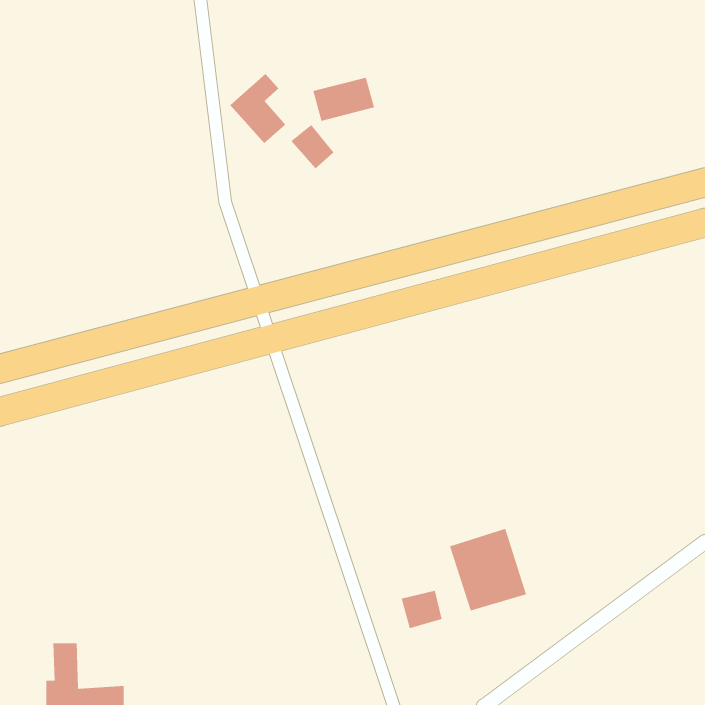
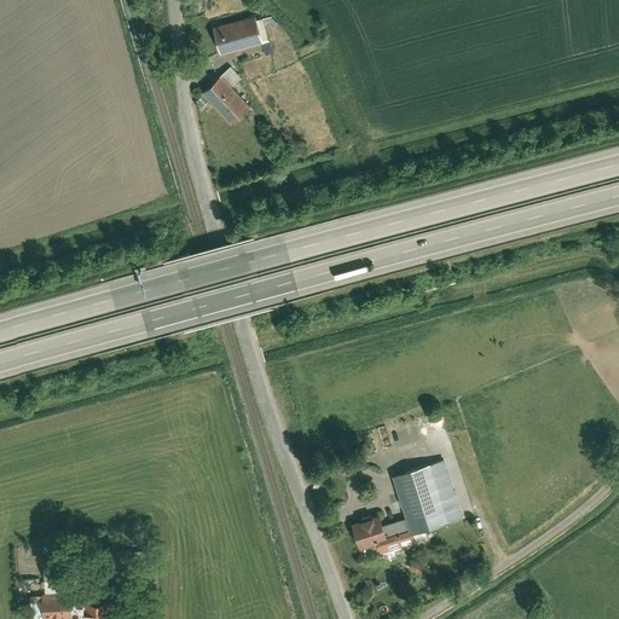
building: [313,77,375,121] -> [213,16,267,54]
building: [291,124,334,169] -> none

